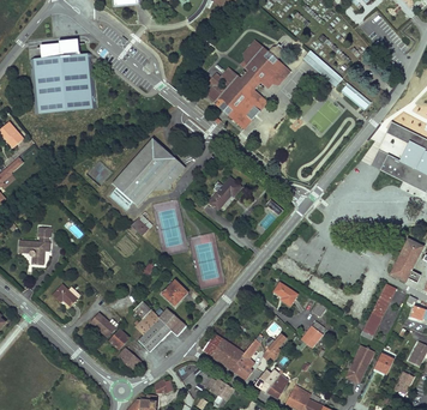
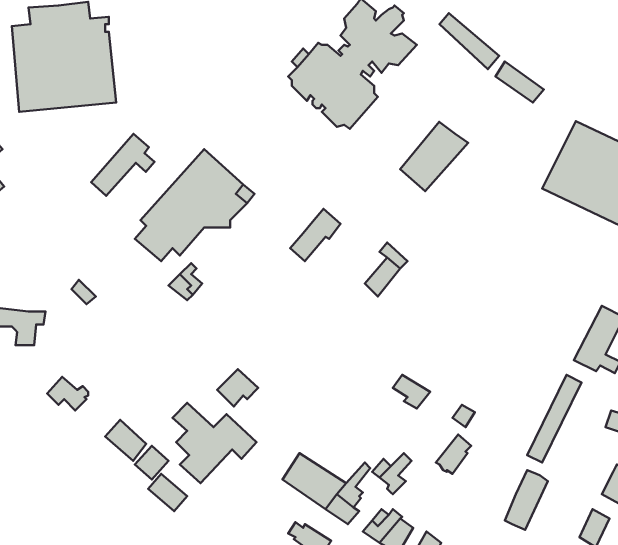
building: none -> [400,122,468,191]
building: none -> [91,134,155,196]

